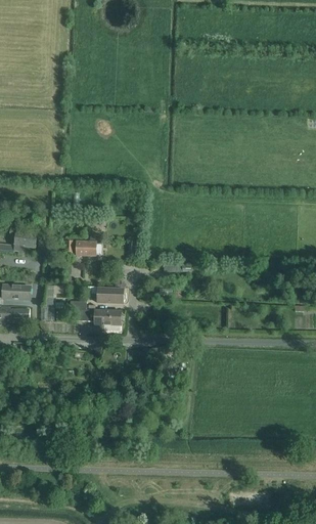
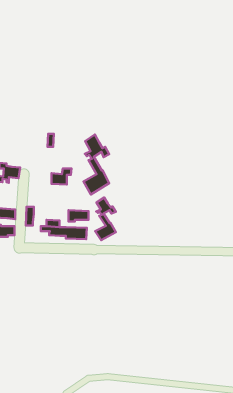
building: none -> [83,134,109,194]
building: none -> [95,198,116,240]

